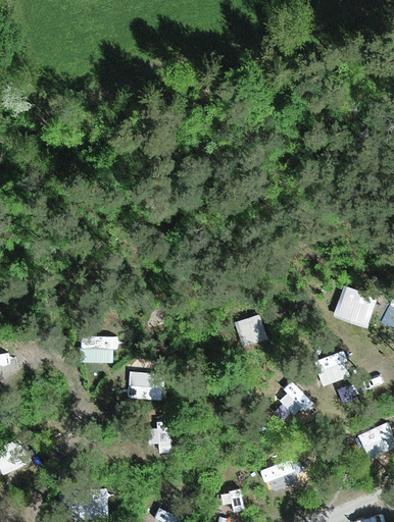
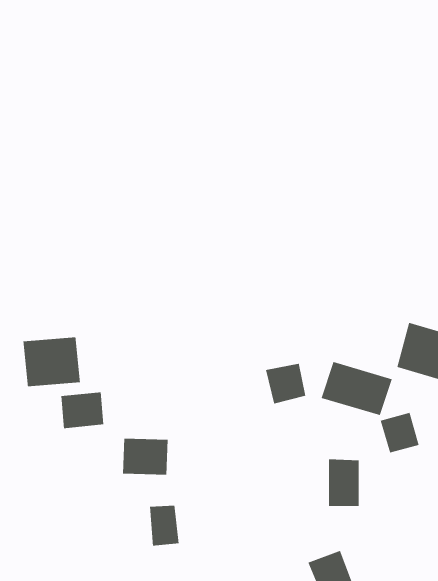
building: none -> [23,337,81,387]
building: none -> [321,361,392,416]

